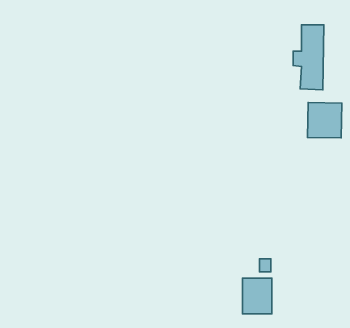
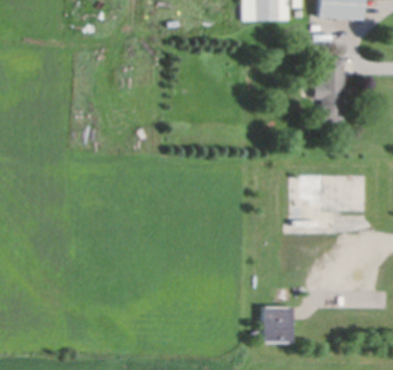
building: [308,103,342,138] -> none

